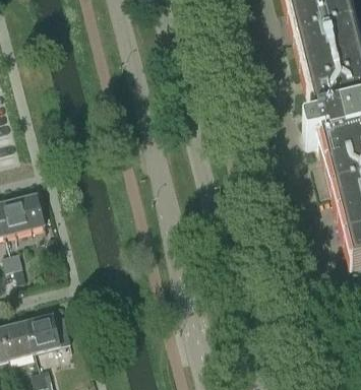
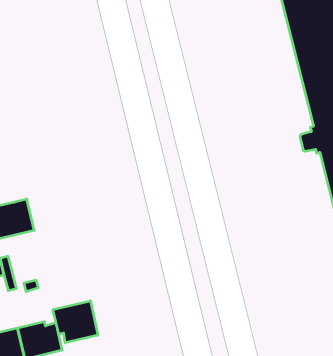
building: none -> [53,301,98,343]

